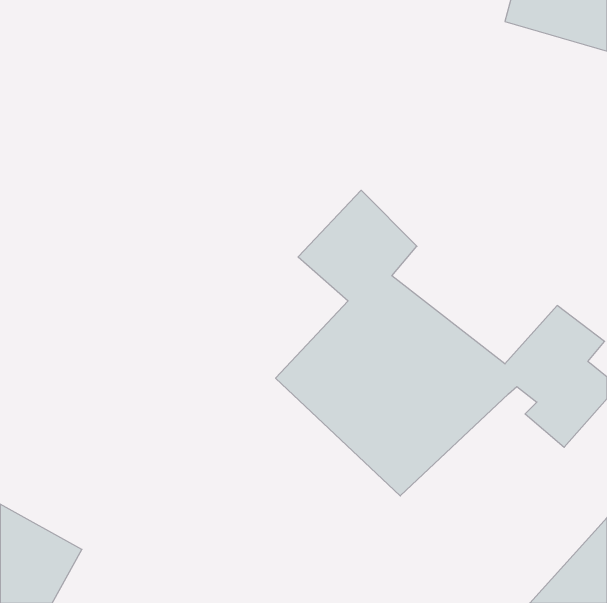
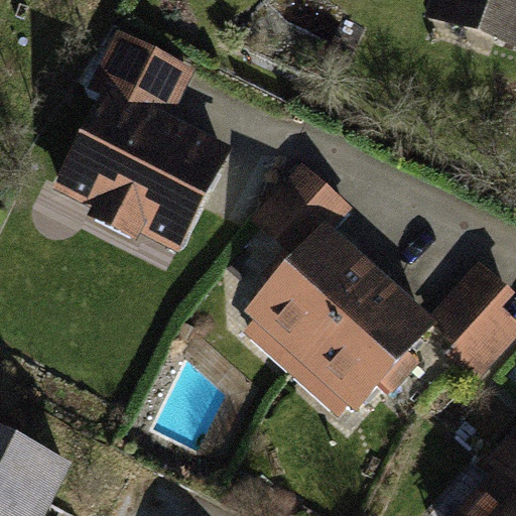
building: none -> [56,30,230,253]

